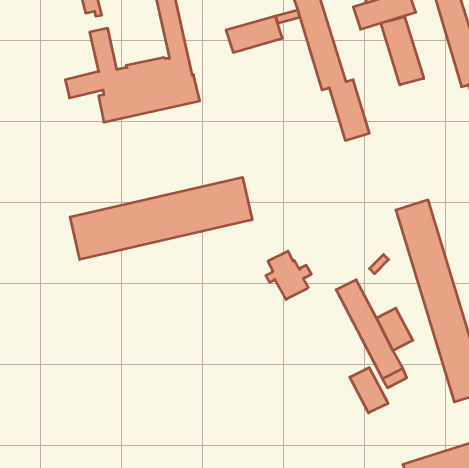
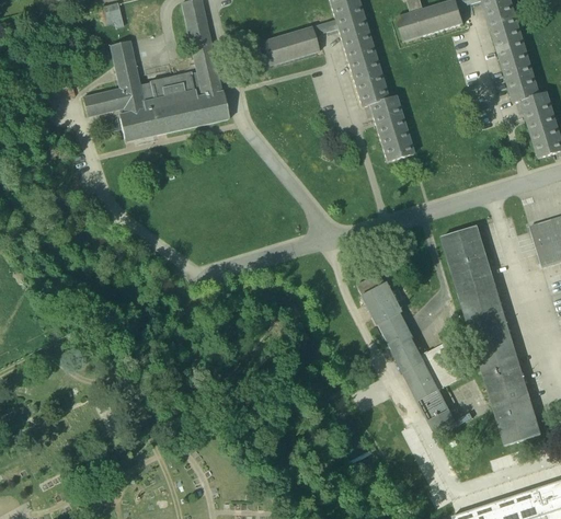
building: [381,16,424,85] -> none
building: [70,177,252,260] -> none
building: [266,251,311,300] -> [354,272,403,324]
building: [350,368,388,413] -> none

